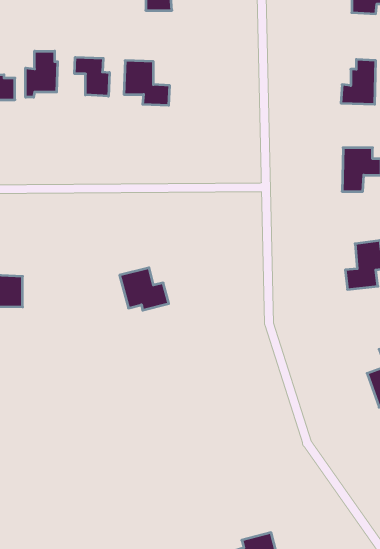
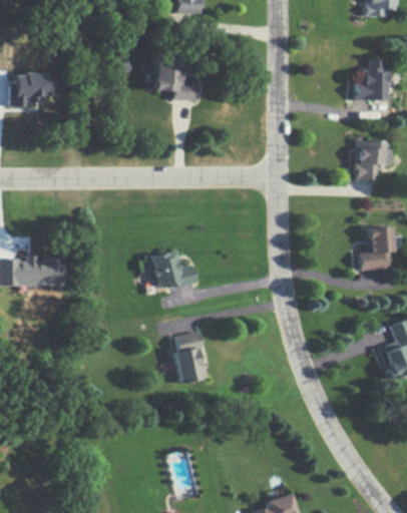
building: [26,51,58,97] -> none
building: [75,57,109,96] -> none
building: none -> [170,332,206,383]

